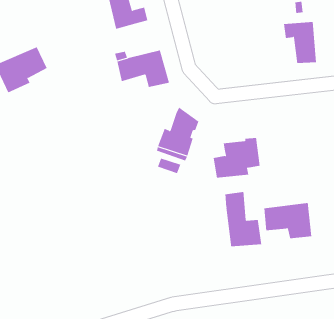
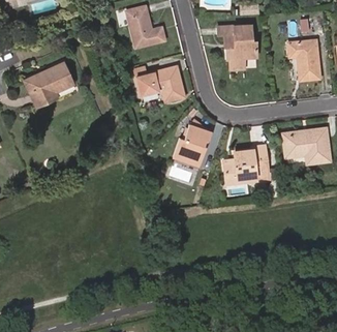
building: none -> [217,25,255,68]
building: [225,191,262,247] -> none
building: [263,203,312,239] -> [283,129,328,162]

